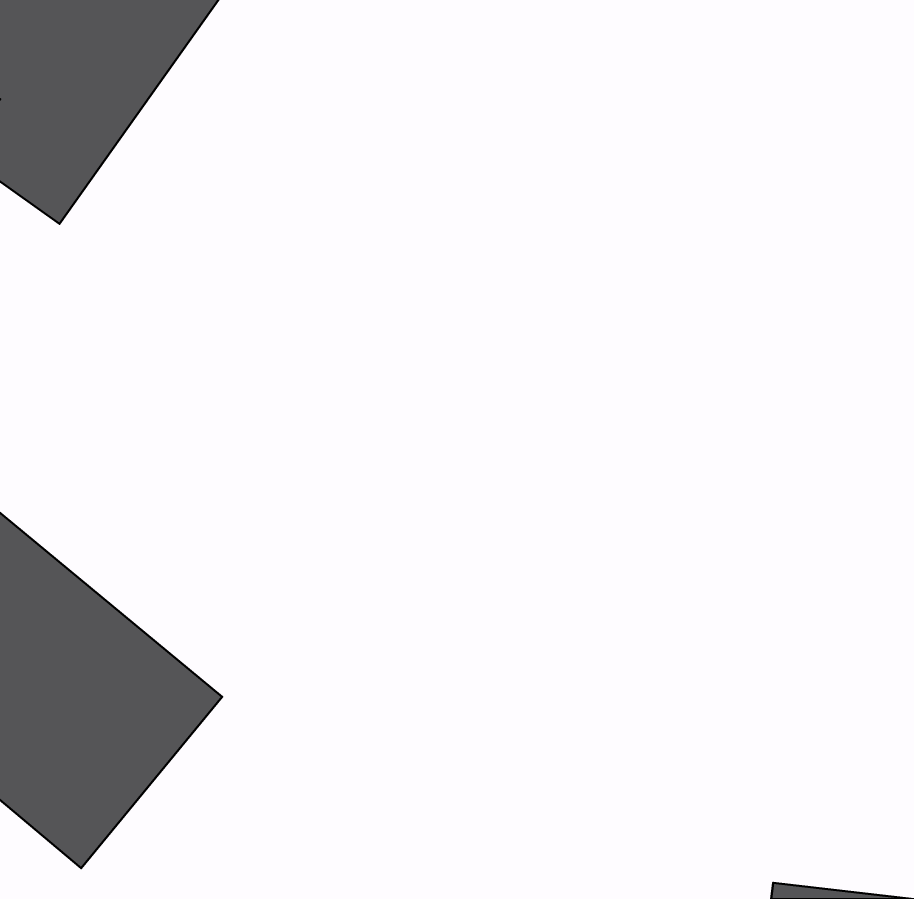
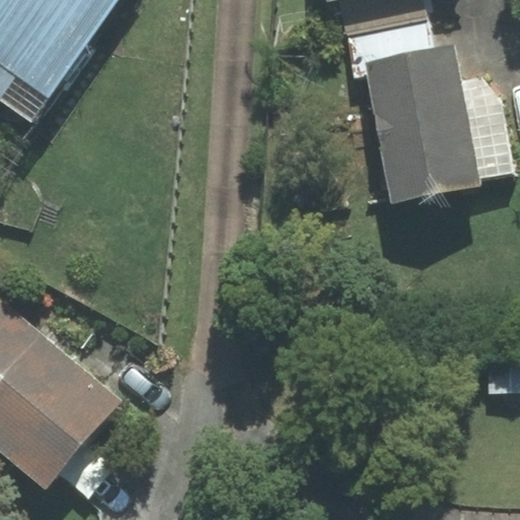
building: none -> [363,45,477,200]

